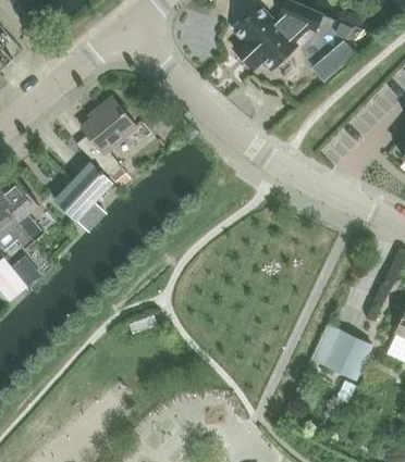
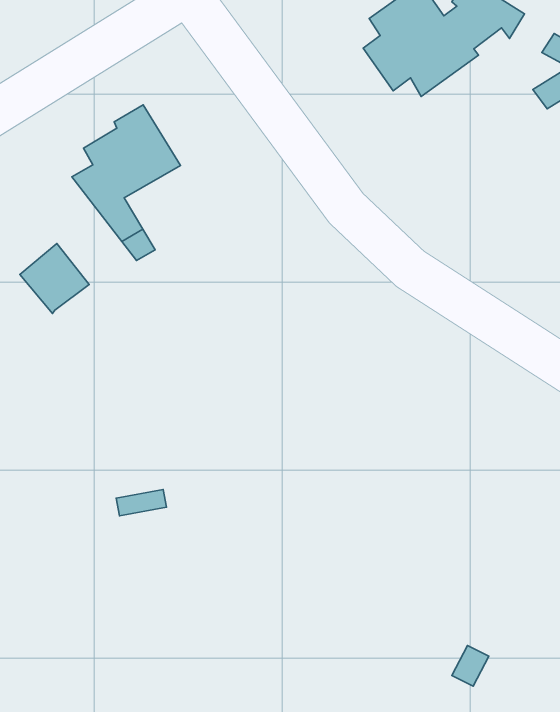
building: [73,165,111,204] -> none
building: [324,334,372,383] -> none

